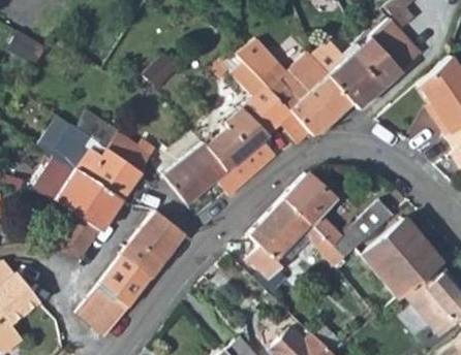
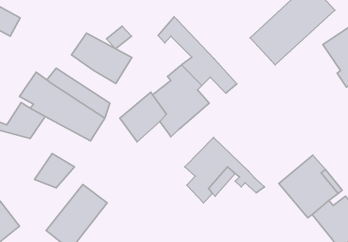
building: [238,40,354,136] -> none
building: [56,171,130,233] -> [72,33,132,83]
building: [282,173,394,258] -> none
building: [119,209,185,278] -> none

